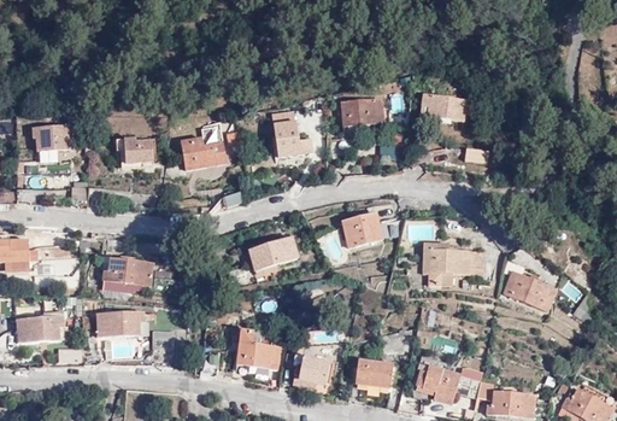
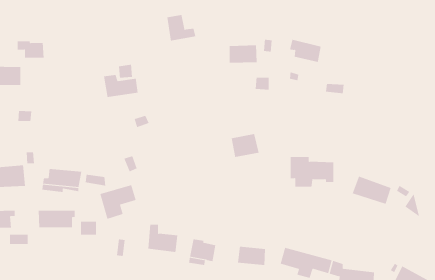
building: [275,122,313,157] -> [167,14,196,41]
building: [117,139,153,162] -> [17,41,45,58]
building: [249,236,298,282] -> [99,185,136,220]

